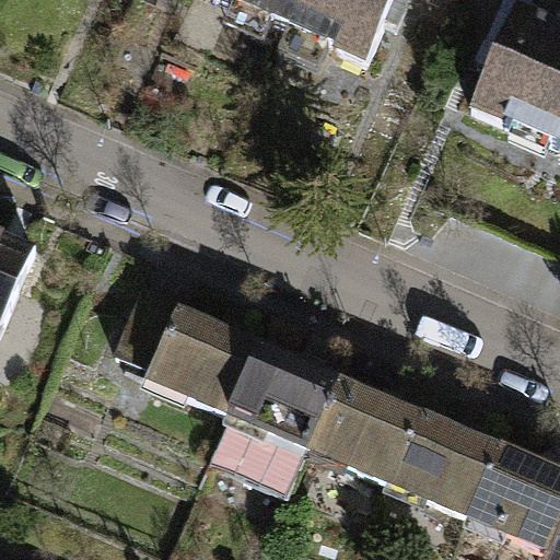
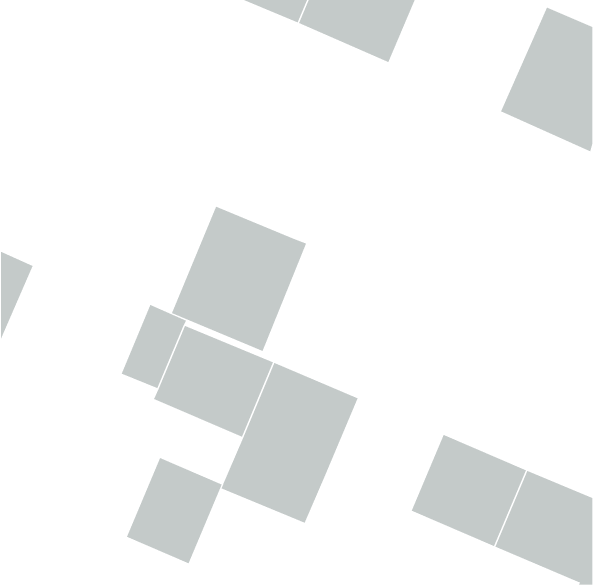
building: none -> [171,206,307,352]
building: [307,375,418,481] -> none
building: none -> [126,457,222,564]

